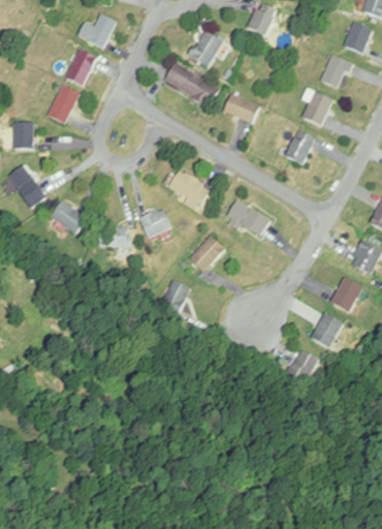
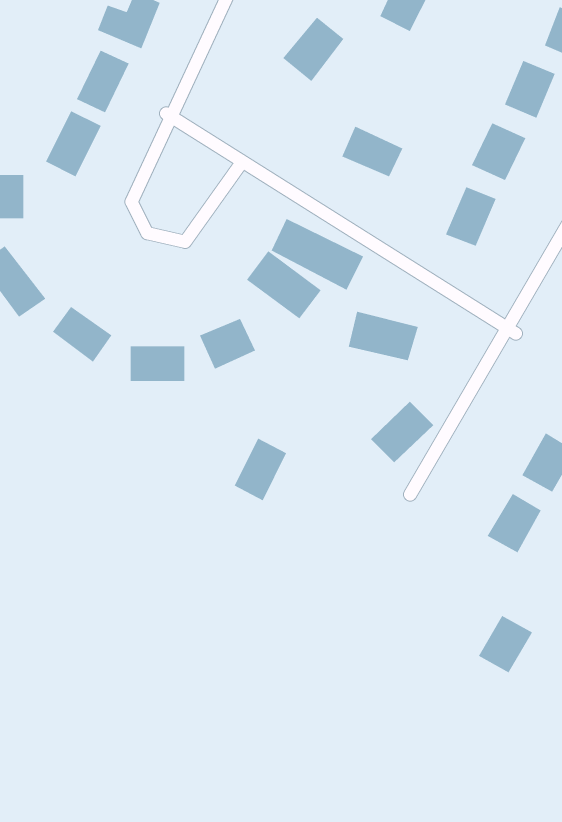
building: [164,63,220,106] -> [270,218,364,291]
building: [188,236,226,273] -> [370,401,434,463]
building: [286,348,319,383] -> [478,615,533,674]

